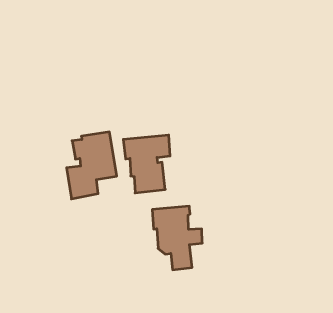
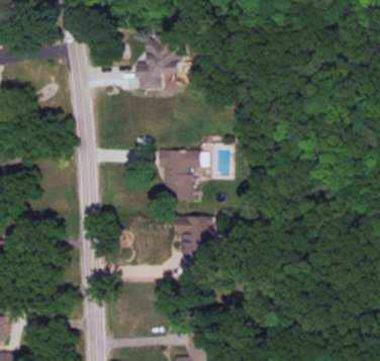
building: [67,132,117,199] -> [136,33,182,91]

